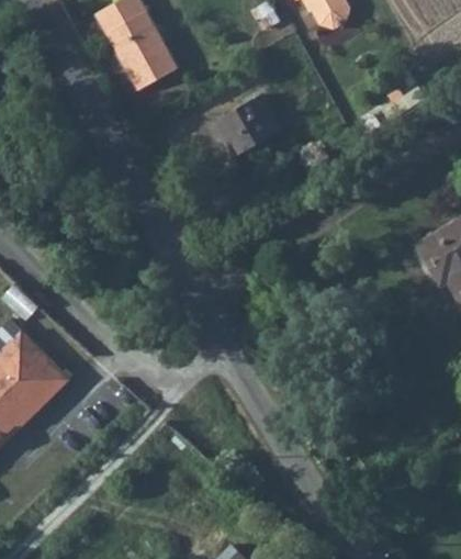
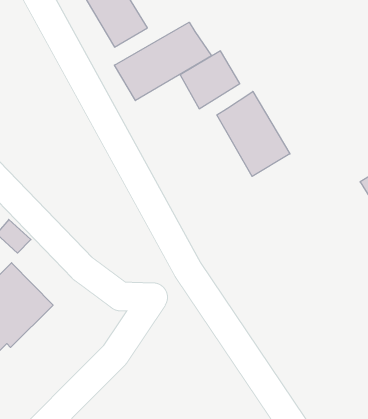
building: none -> [114,22,211,101]
building: none -> [217,91,290,176]

